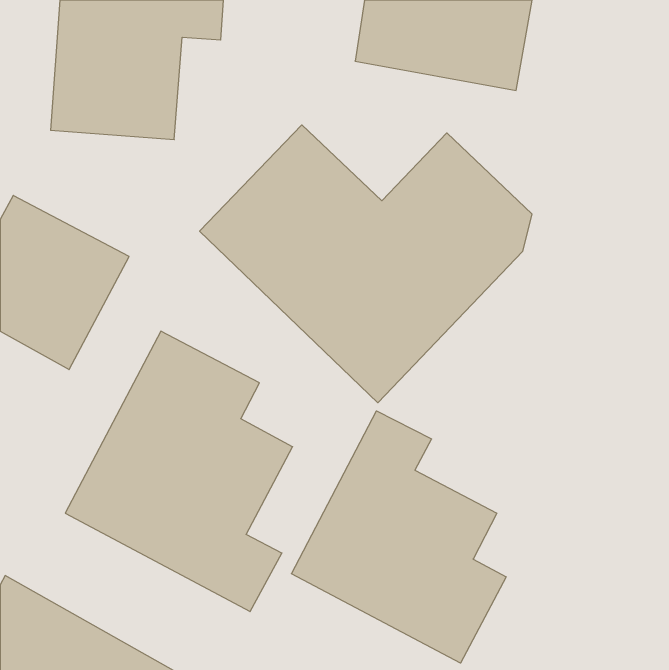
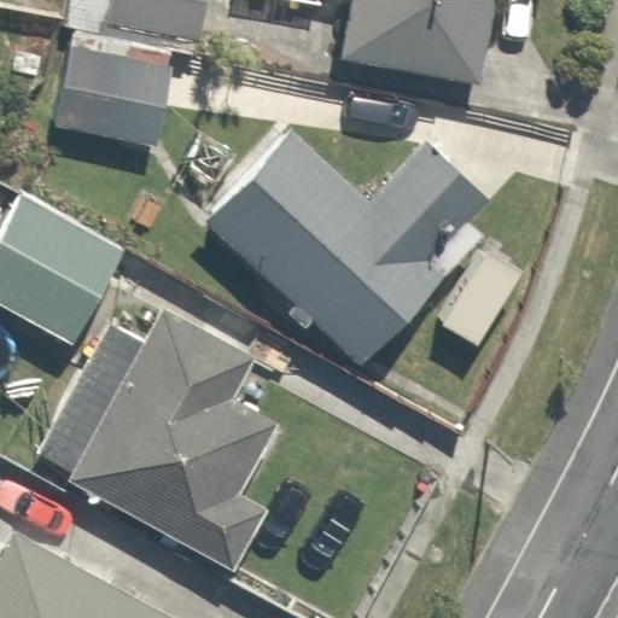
building: [291,411,506,663] -> none

